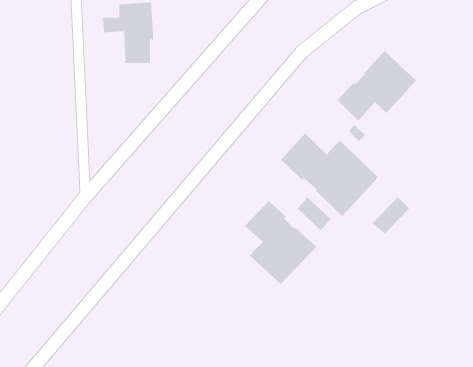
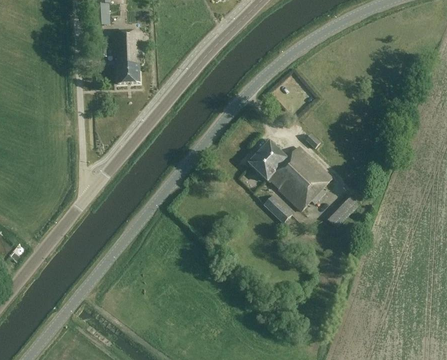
building: [337,50,417,121] -> none
building: [244,200,317,285] -> none

